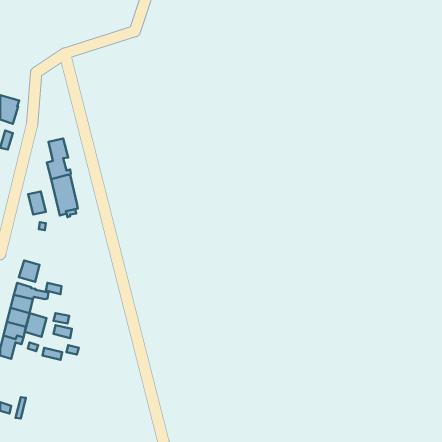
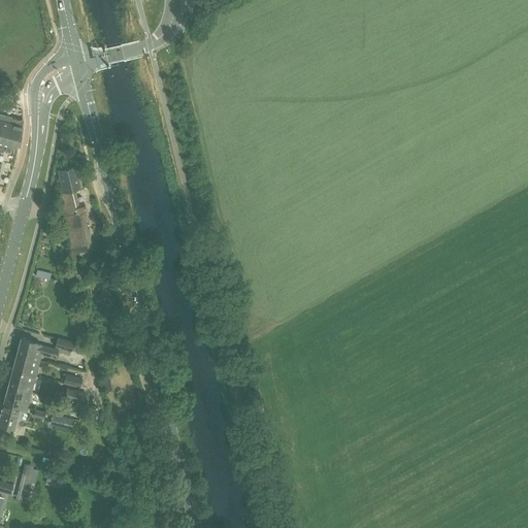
building: [28,191,46,215] -> none
building: [19,261,39,282] -> none
building: [25,313,47,337] -> none

